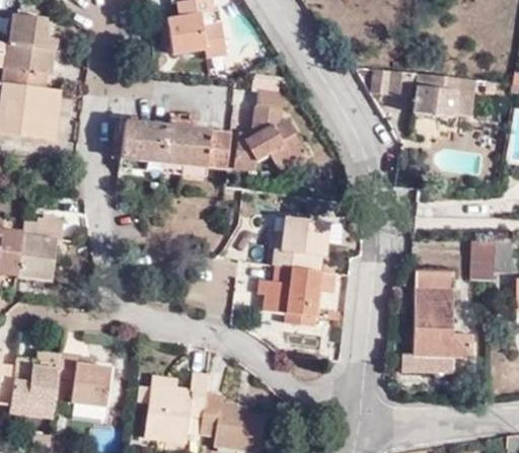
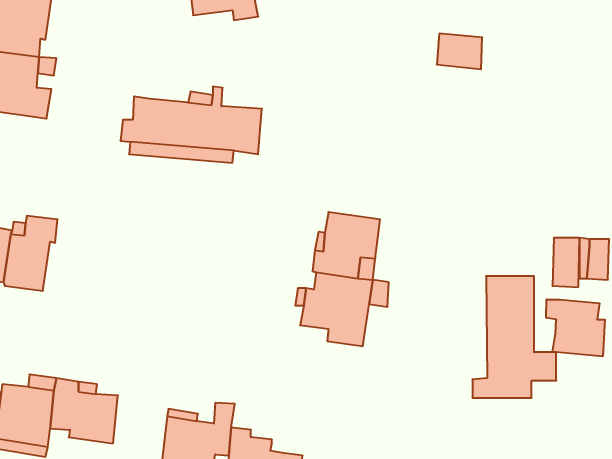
building: [415,73,474,119] -> none
building: [233,90,306,170] -> none
building: none -> [546,299,605,356]

